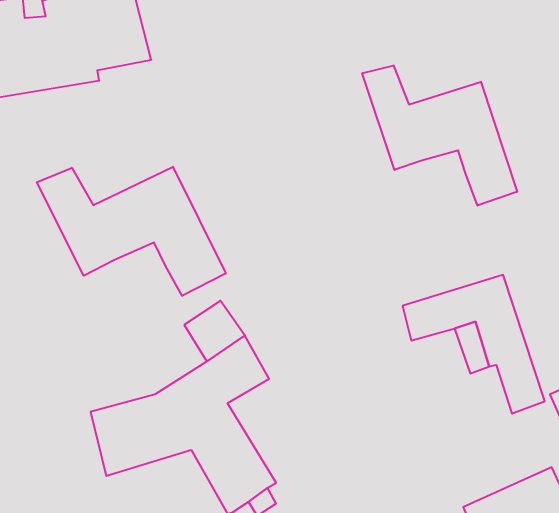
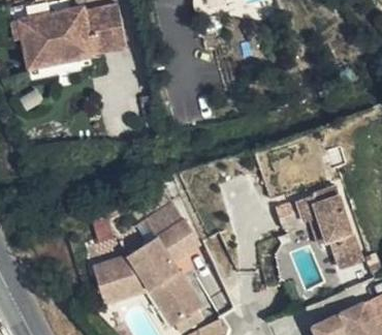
building: [362,65,517,206] -> none
building: [37,167,226,296] -> none

